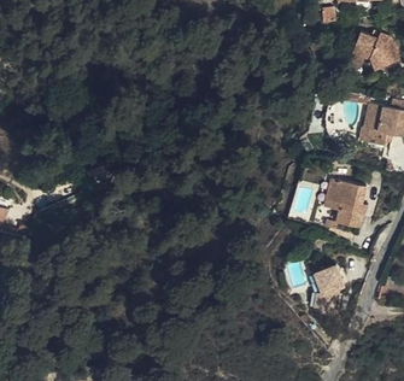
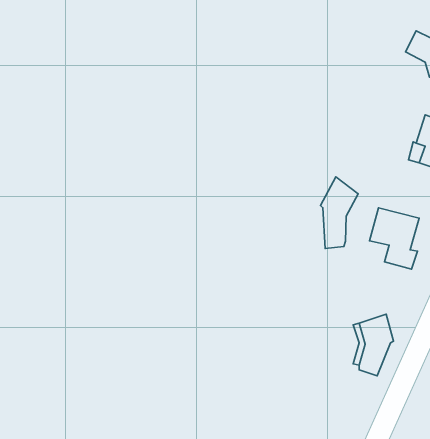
building: none -> [320,177,358,249]

